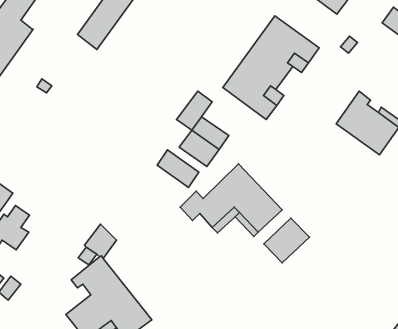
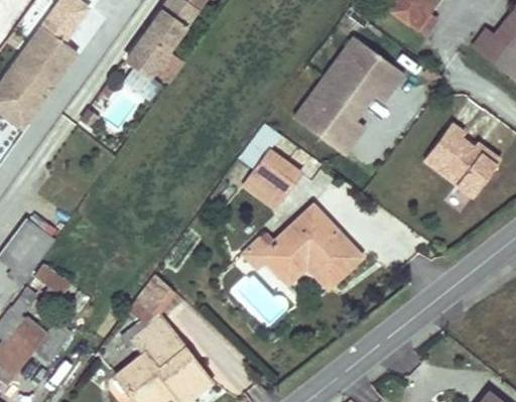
building: [157,150,199,187] -> none
building: [264,218,309,263] -> none

